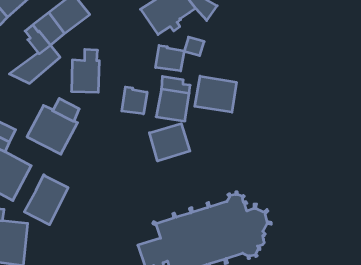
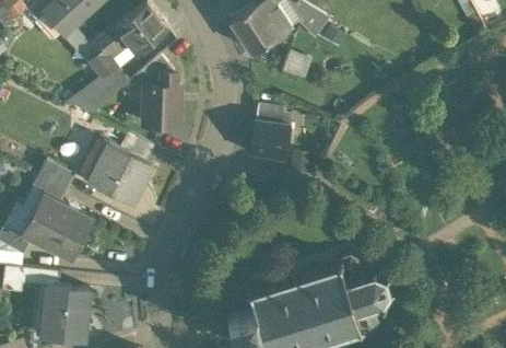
building: none -> [134,56,175,88]
building: [156,45,184,71] -> none
building: [195,76,236,112] -> none
building: [122,87,147,114] -> none
building: [149,124,190,161] -> none
building: [24,175,68,225] -> none

